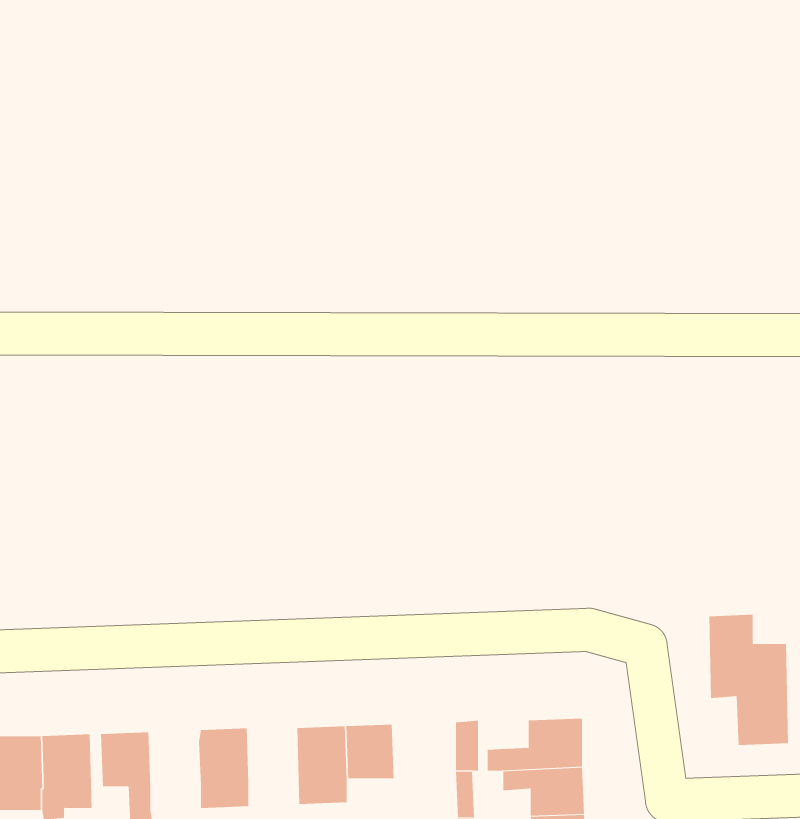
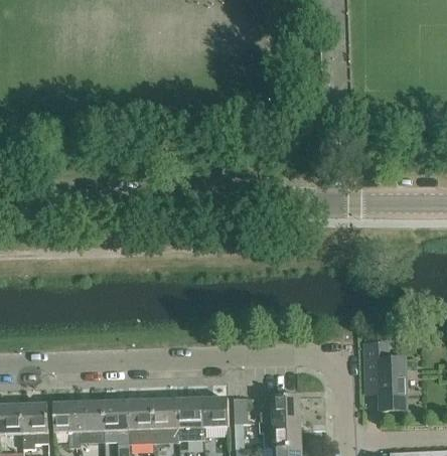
building: none -> [202,399,229,428]
building: none -> [128,402,154,442]
building: none -> [78,403,104,444]

